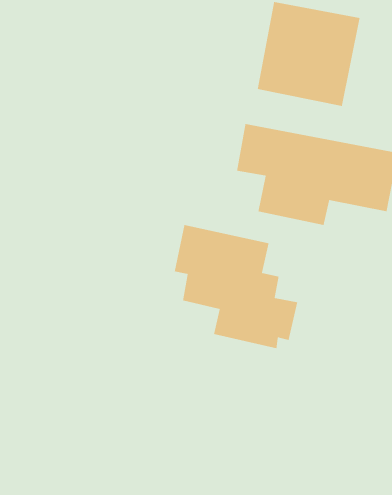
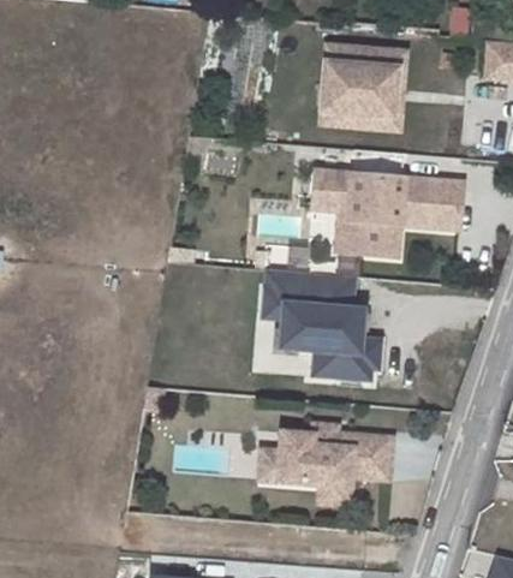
building: none -> [256,421,395,511]

